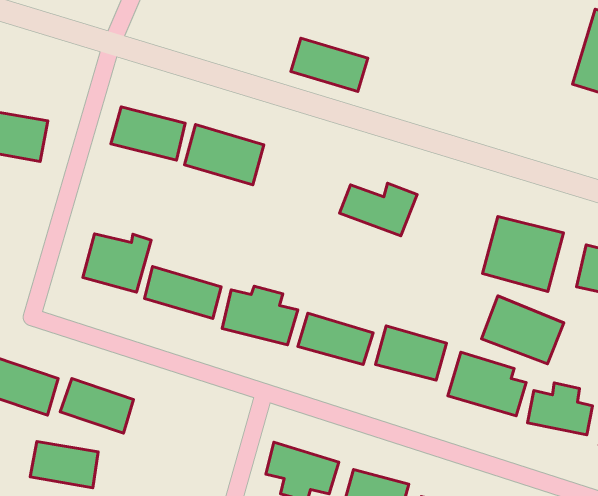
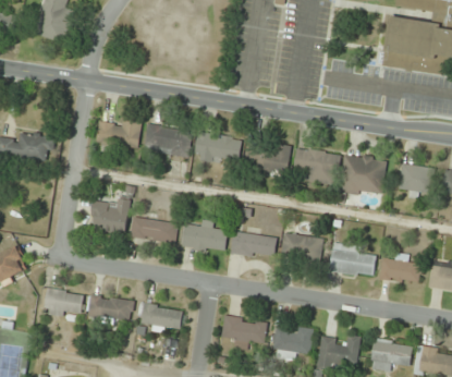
building: [291,38,368,92] -> [194,133,241,161]
building: [481,296,564,364] -> [291,145,341,183]
building: [30,441,98,488] -> [141,305,181,329]

